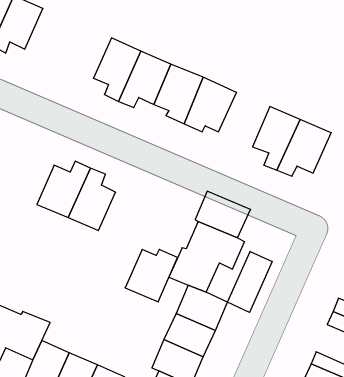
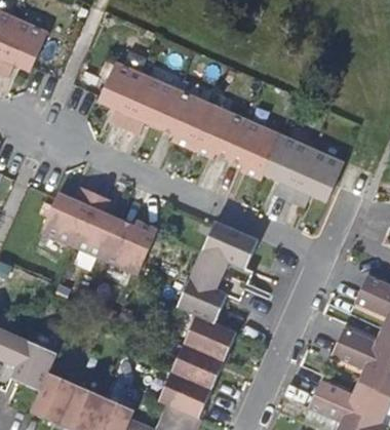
building: none -> [225,117,277,179]
building: [125,249,177,302] -> [103,219,156,272]
building: [227,251,272,312] -> none

